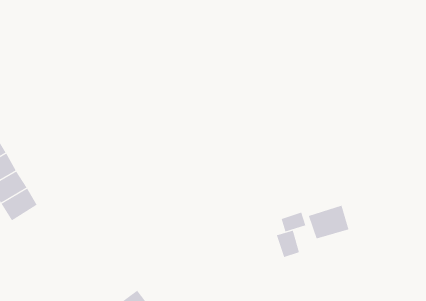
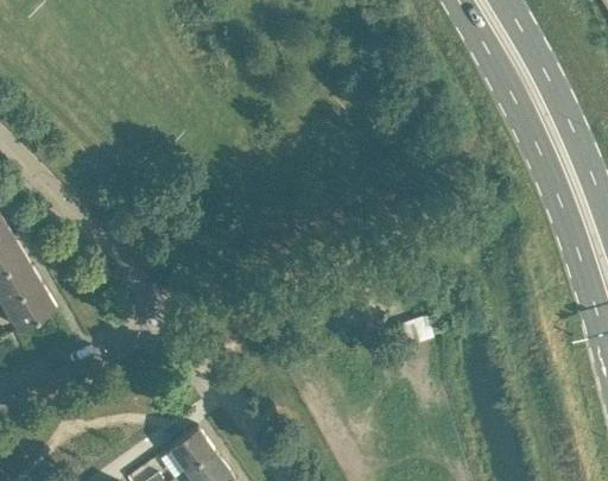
building: [308,205,349,240] -> none
building: [276,230,300,258] -> none

